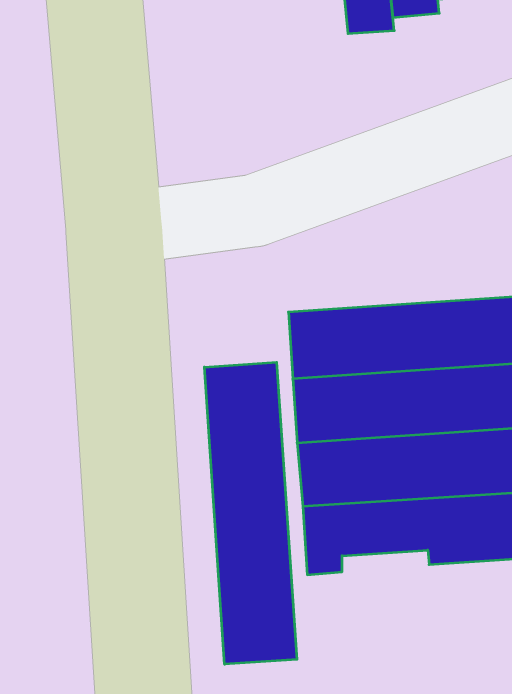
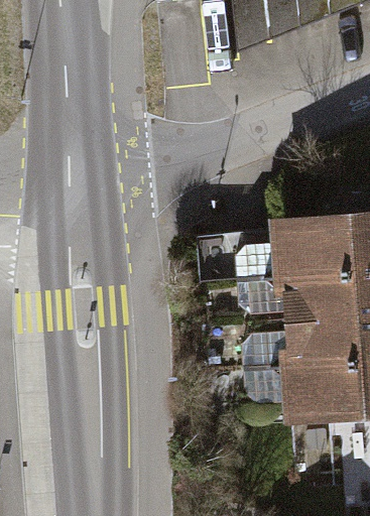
building: [204,362,297,664] -> none

